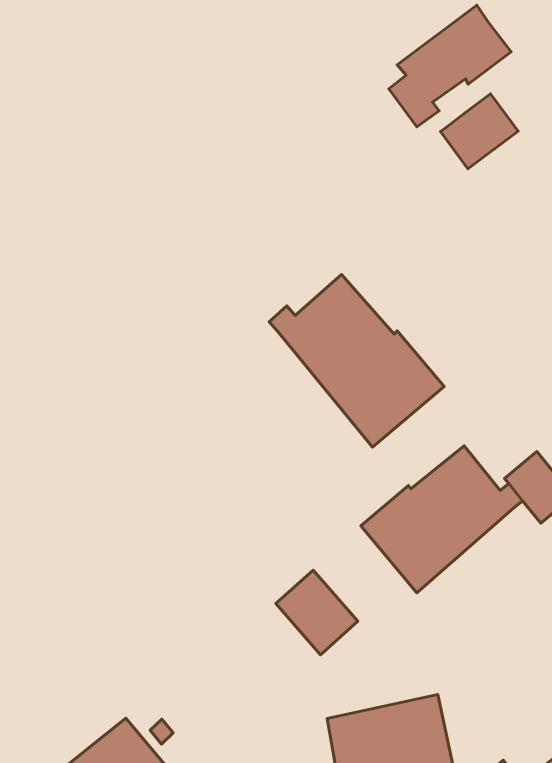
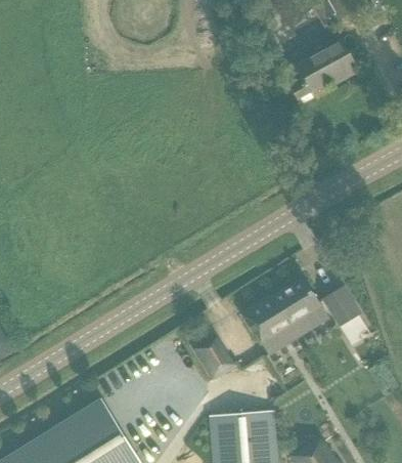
building: [440,94,518,169] -> none
building: [269,274,444,447] -> none

